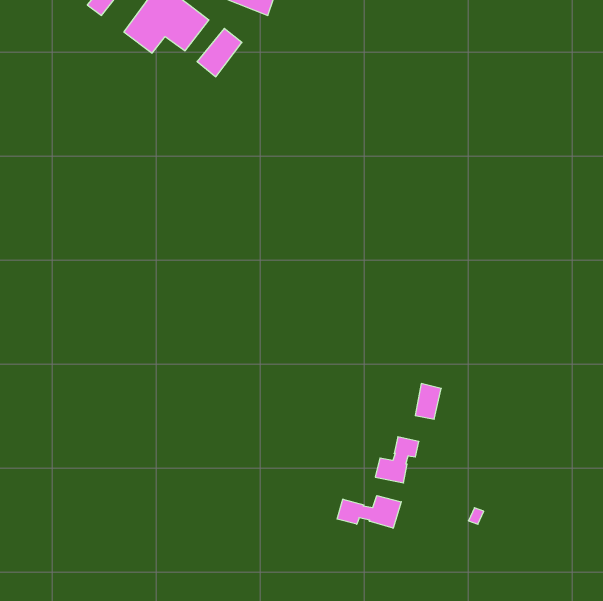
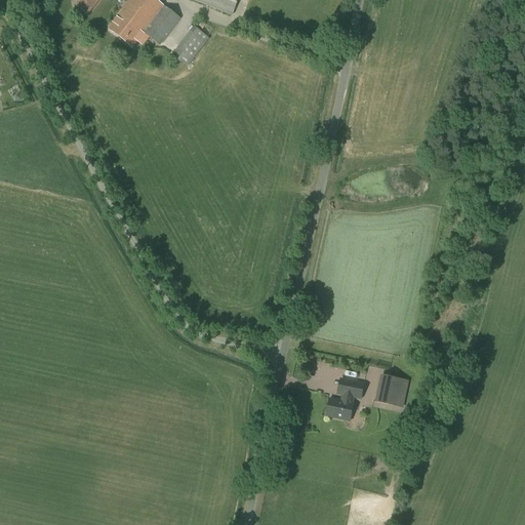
building: [415,384,441,419] -> [377,373,400,404]
building: [337,496,401,528] -> none

